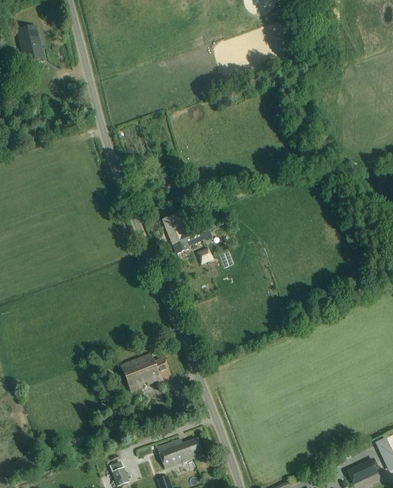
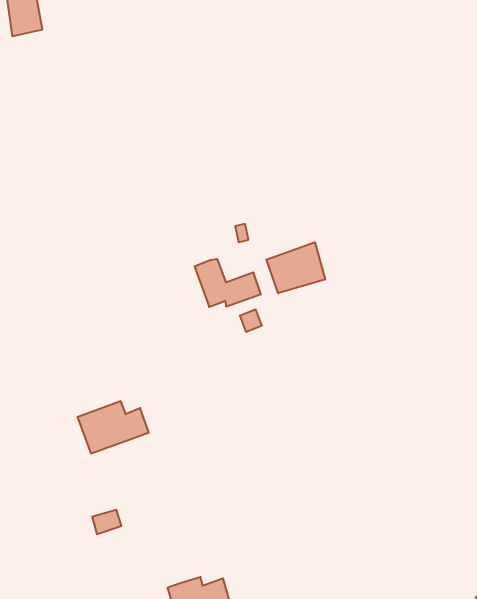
building: none -> [266,242,325,293]
building: [120,353,171,391] -> [77,401,149,453]

